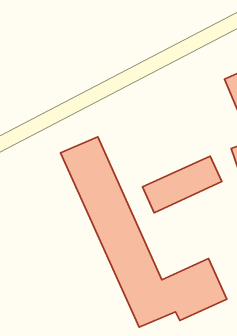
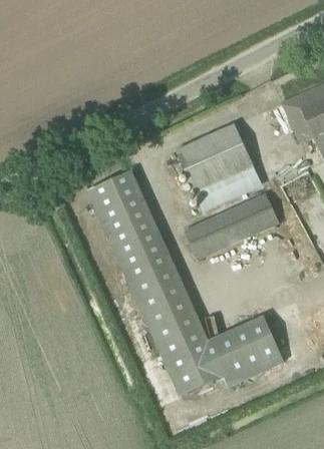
building: none -> [173,122,259,211]

